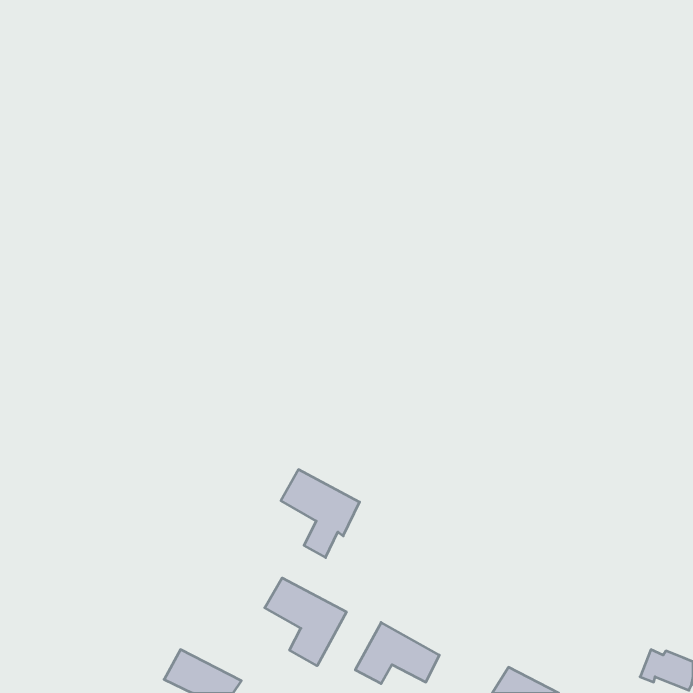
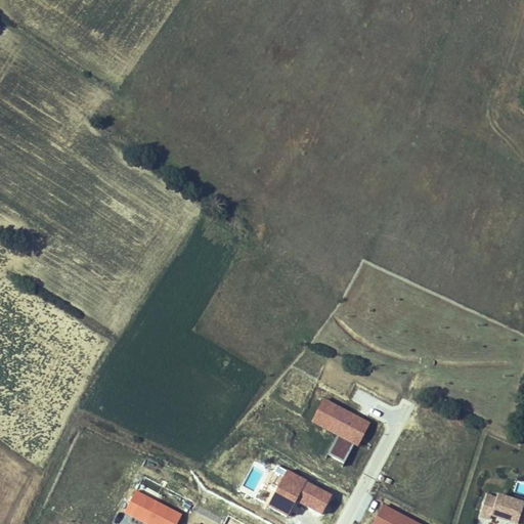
building: [281,470,360,558] -> [310,397,369,464]
building: [265,578,346,666] -> none

